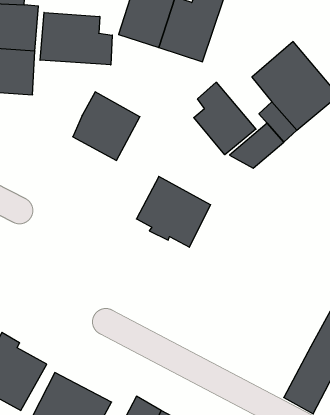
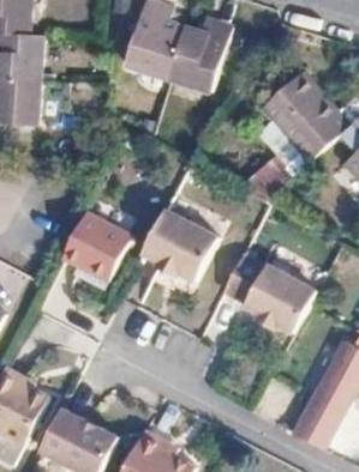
building: [40,12,112,65] -> none
building: [194,82,256,155] -> none
building: [73,92,140,160] -> [64,211,132,280]
building: none -> [223,253,316,328]

